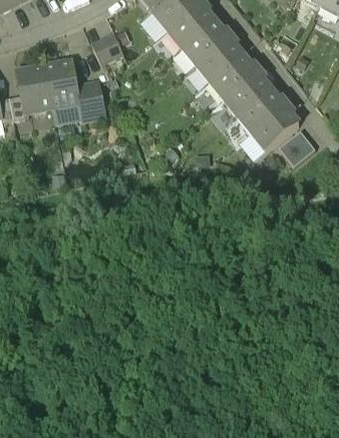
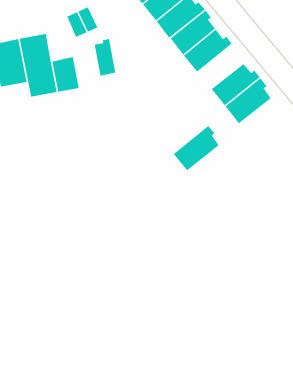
building: none -> [94,38,116,77]
building: [223,69,270,115] -> [173,125,220,171]
building: [278,129,315,165] -> none

